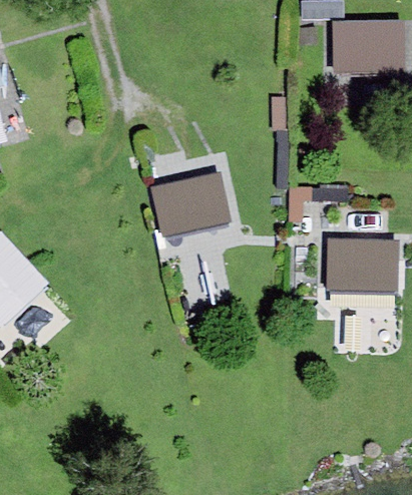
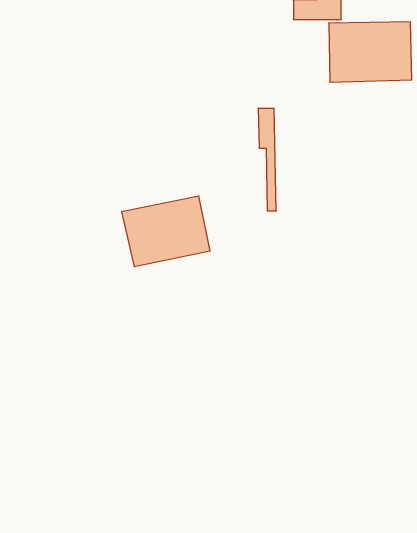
building: [327,237,398,292] -> none

